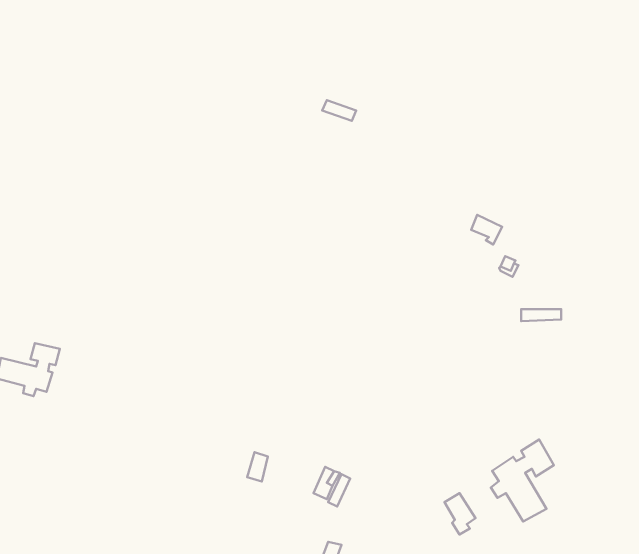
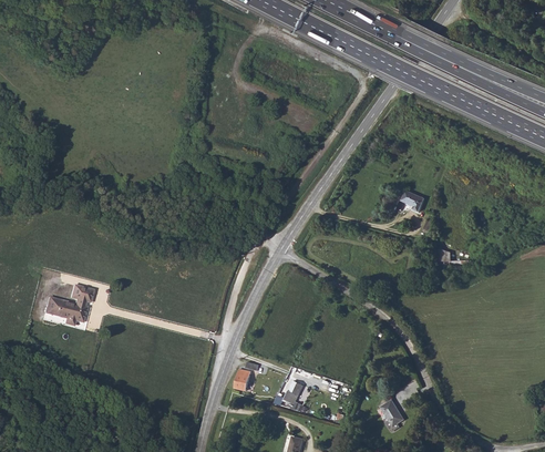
building: [491,440,554,522] -> none

